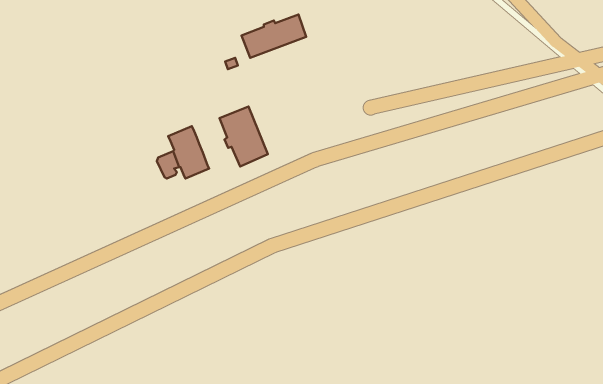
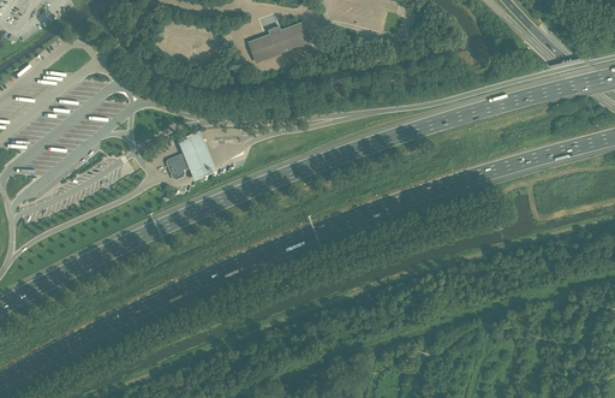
building: [220,107,268,167] -> none

